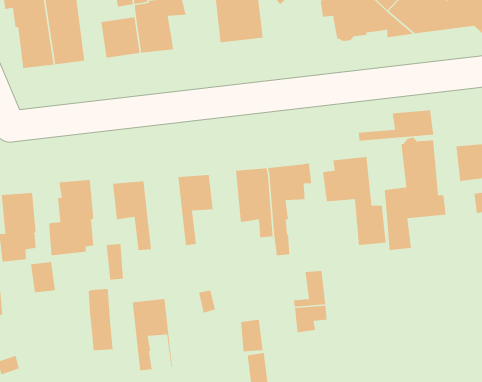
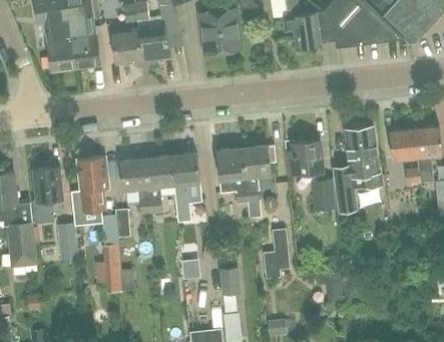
building: [358,109,434,141] -> none
building: [132,298,173,371] -> [146,155,178,213]

